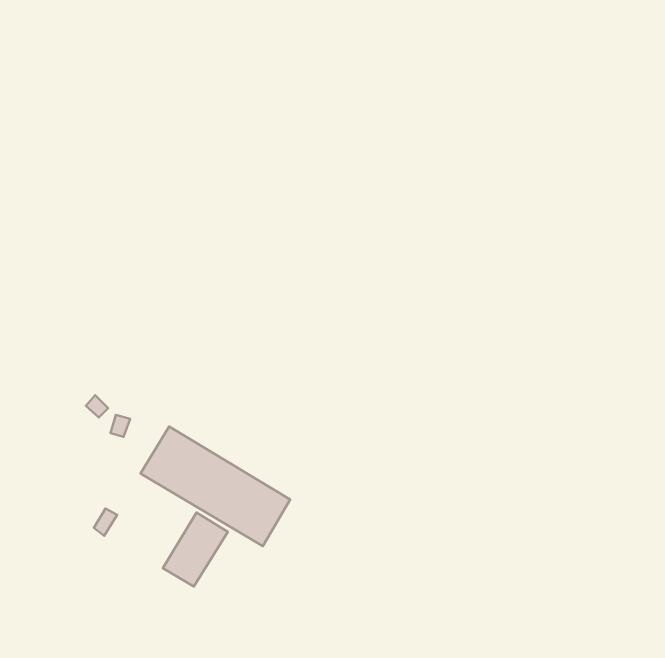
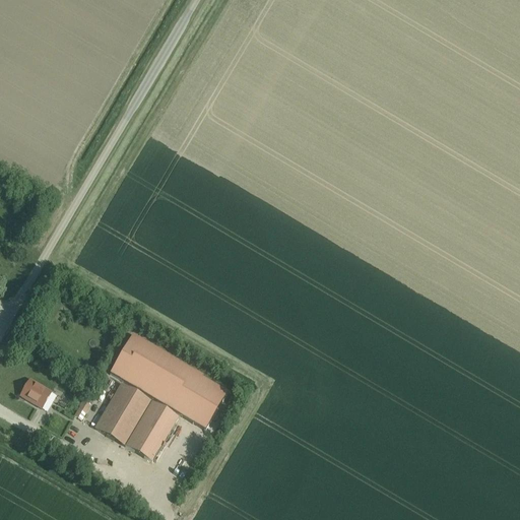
building: none -> [20,376,51,405]
building: none -> [94,381,153,444]

